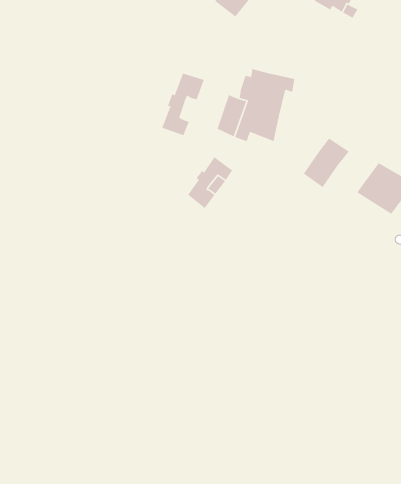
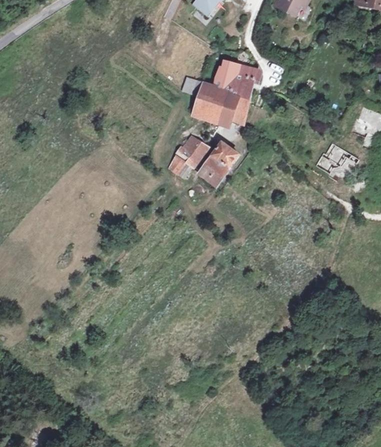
building: [161,73,205,136] -> none
building: [303,138,350,188] -> [198,142,238,185]

